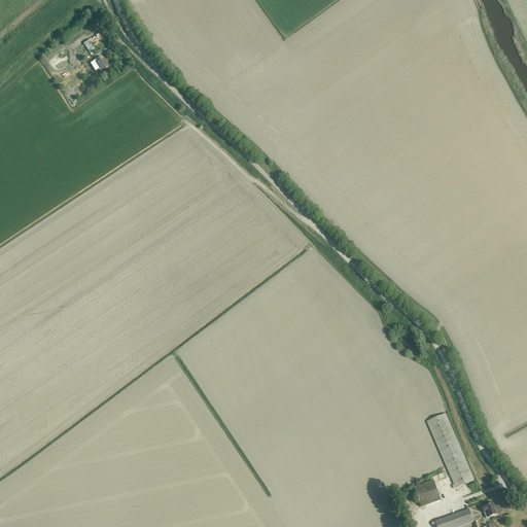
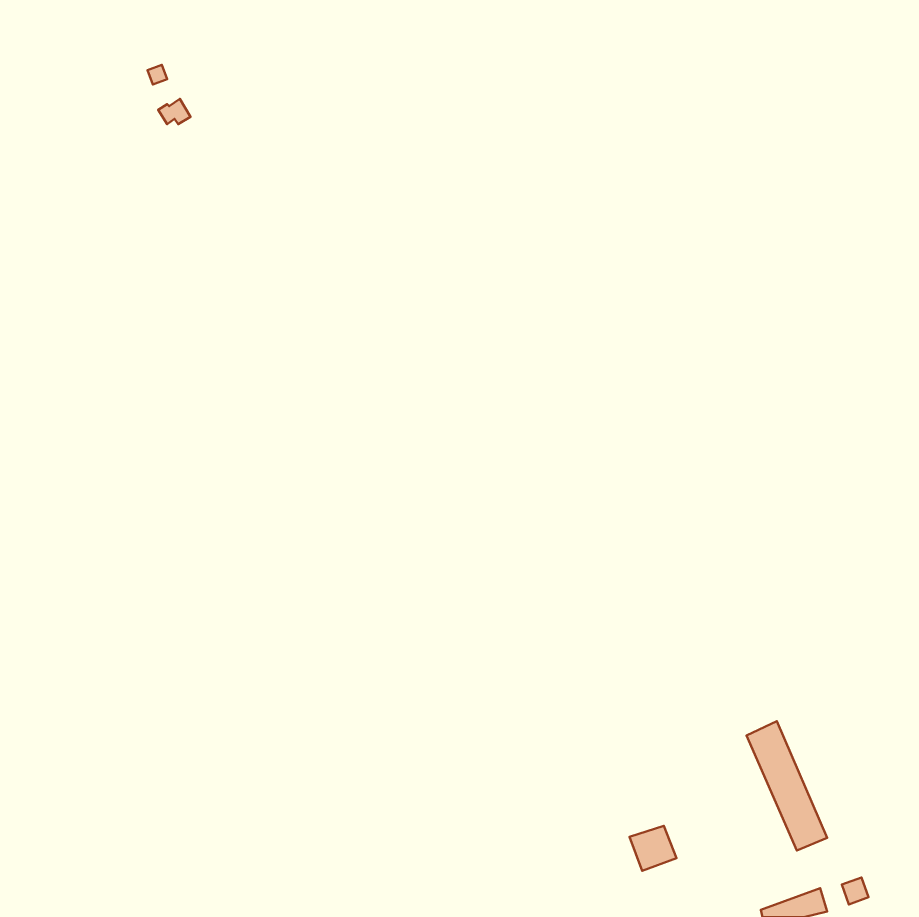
building: [414,481,441,506] -> [630,826,676,871]

